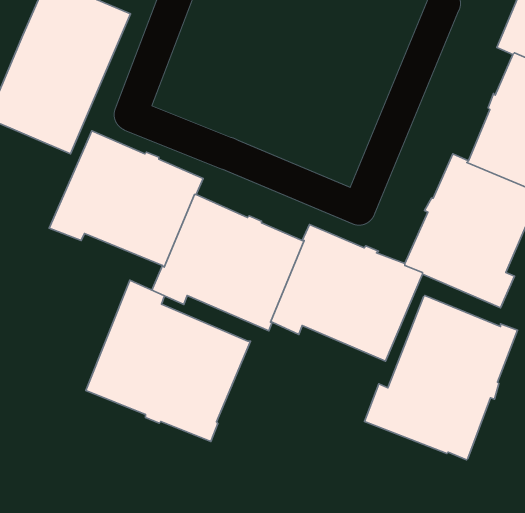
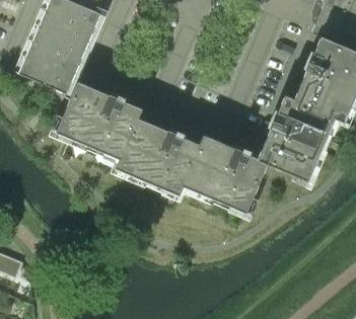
building: [86,280,250,441] -> none
building: [364,295,517,460] -> none

